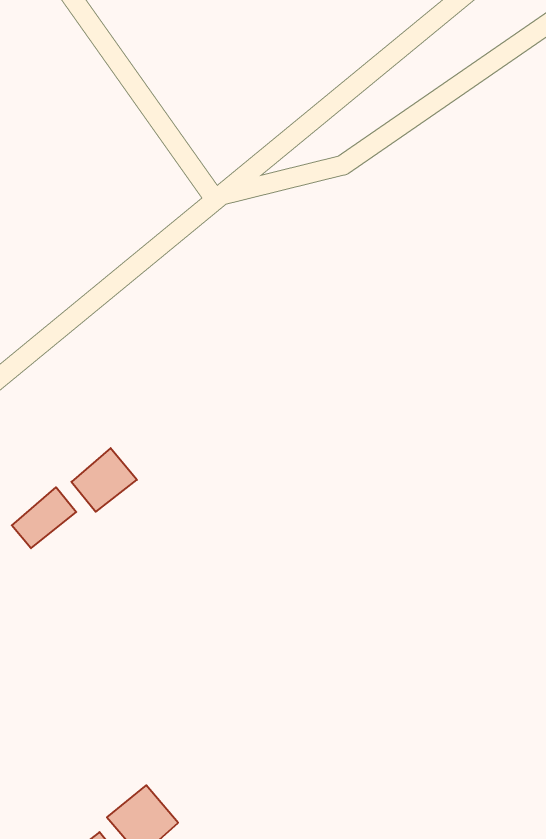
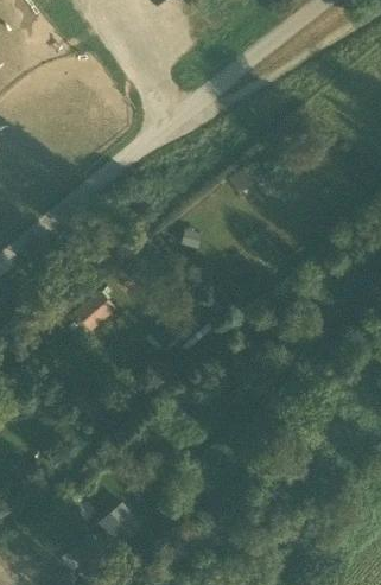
building: [12,487,76,548] -> none

